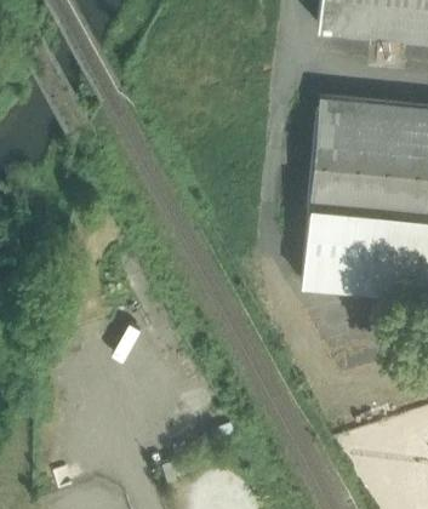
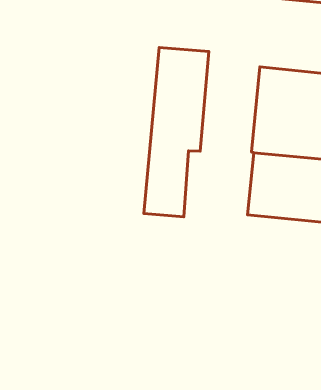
building: none -> [144,47,209,217]

